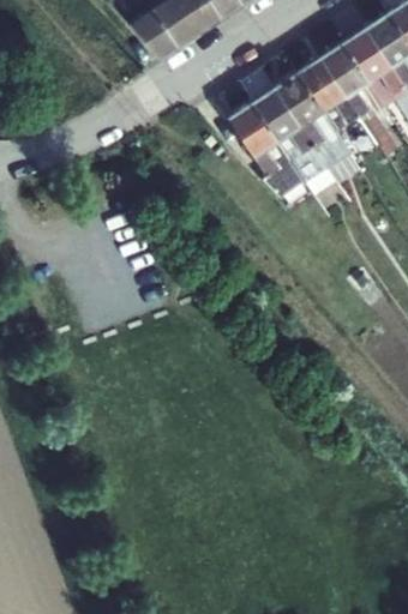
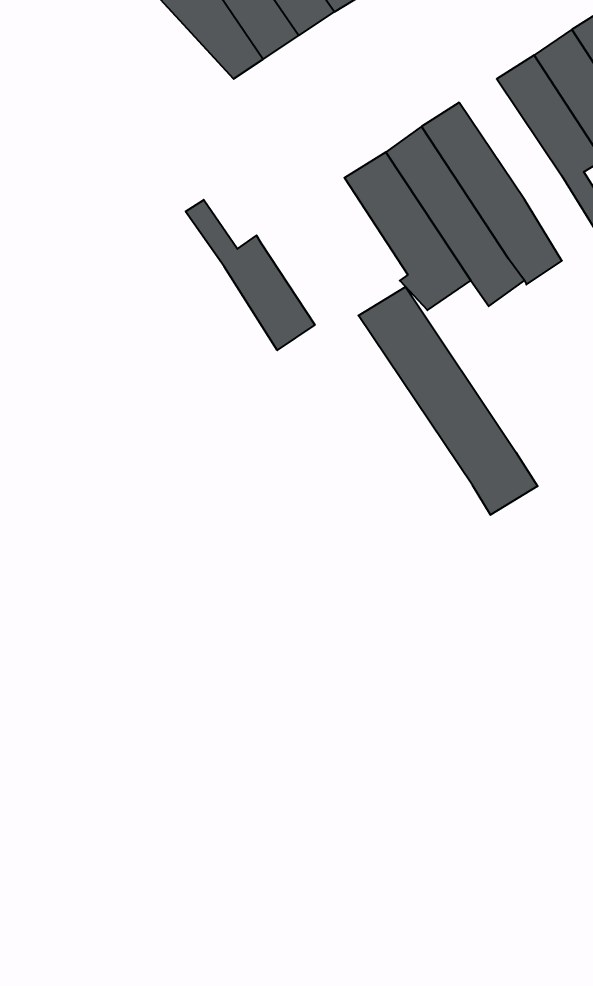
building: [298,56,360,130] -> none
building: none -> [186,200,315,350]
building: none -> [358,287,538,515]

